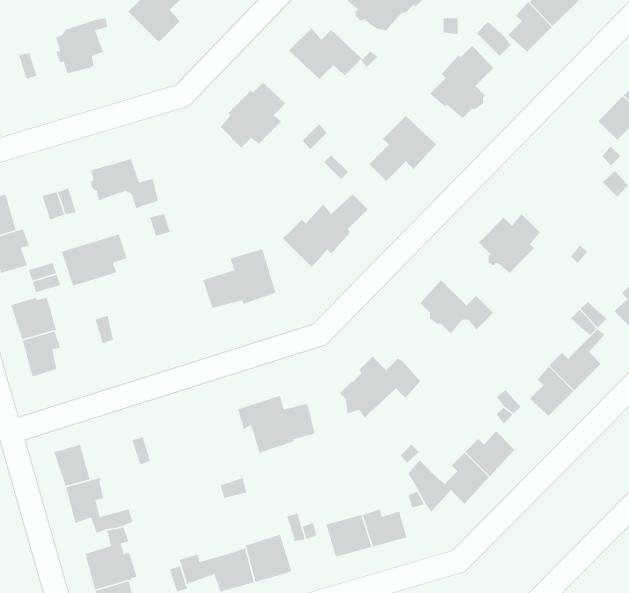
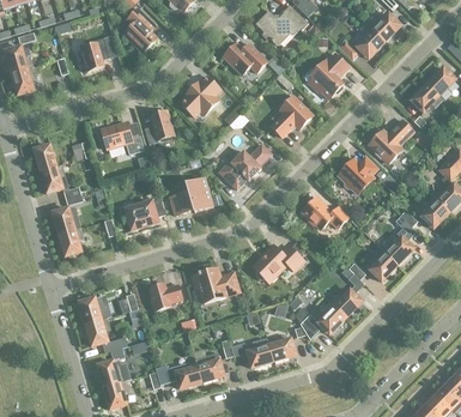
building: none -> [144,110,174,144]
building: none -> [368,120,413,163]
building: [61,234,127,286] -> [123,198,164,230]
building: none -> [148,283,182,310]

